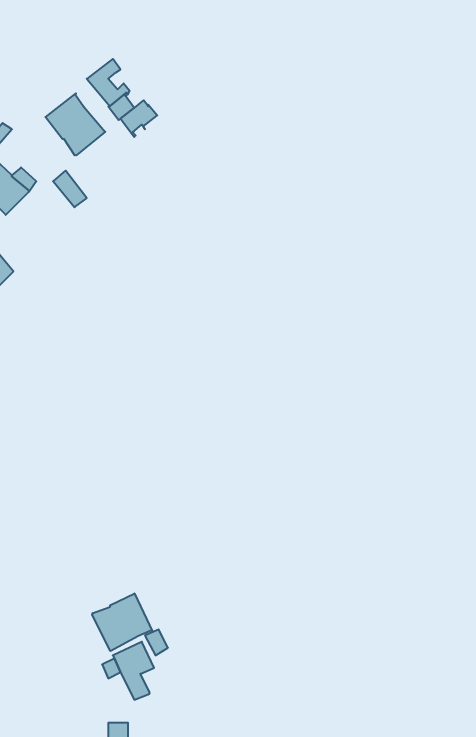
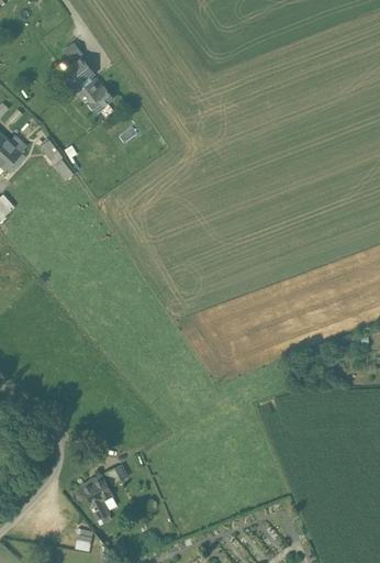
building: [45,93,105,155] -> none
building: [92,593,153,651] -> none

